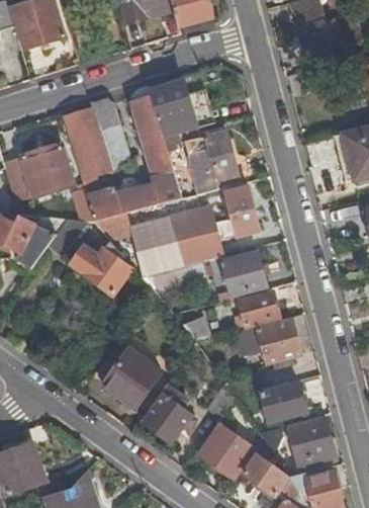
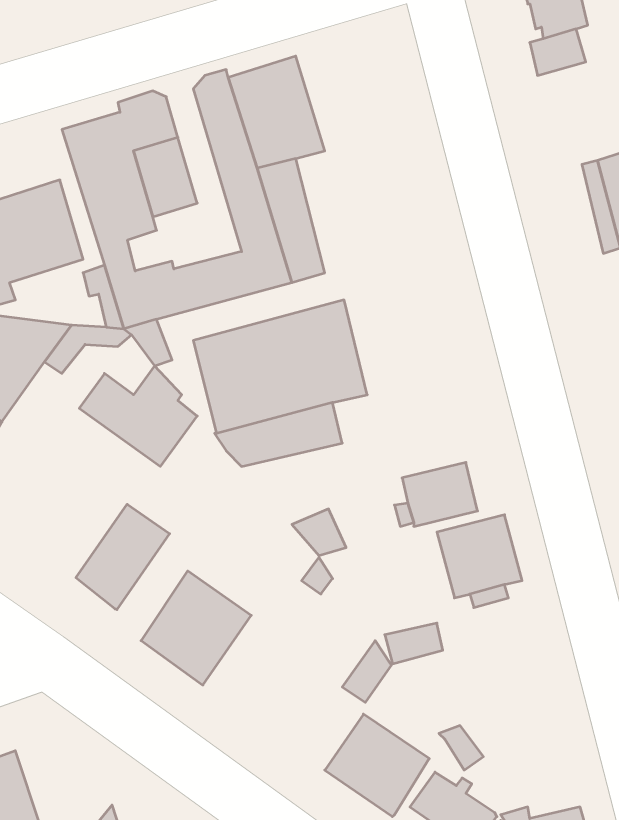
building: [189,132,239,191] -> none
building: [225,187,260,235] -> none
building: [222,253,270,294] -> none
building: none -> [76,504,170,610]
building: [261,383,305,422] -> none
building: [142,388,197,445] -> none
building: [286,415,335,467] -> none

